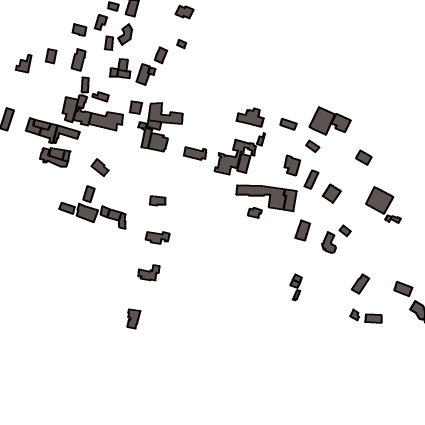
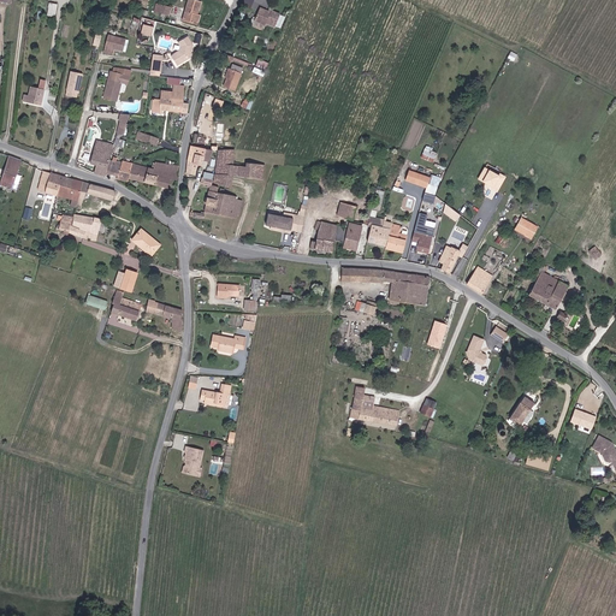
building: [310,107,335,135] -> none
building: [236,108,264,127] -> [367,224,407,250]
building: none -> [350,393,399,426]

